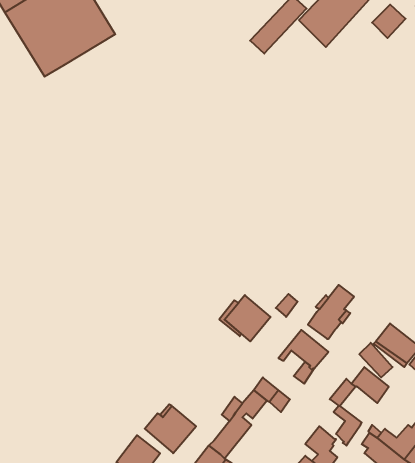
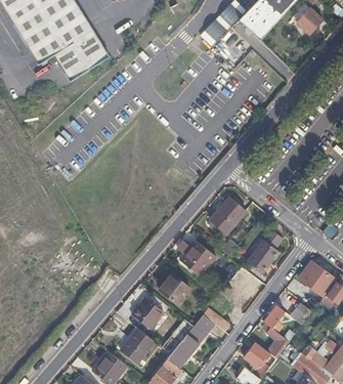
building: none -> [51,31,109,82]
building: none -> [213,196,246,232]
building: none -> [159,272,190,305]
building: none -> [132,297,163,328]

